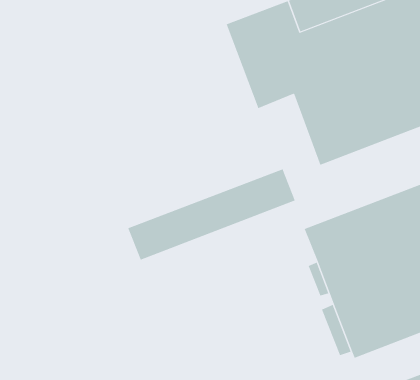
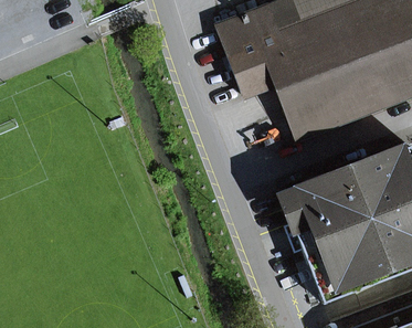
building: [128,168,296,260] -> none

